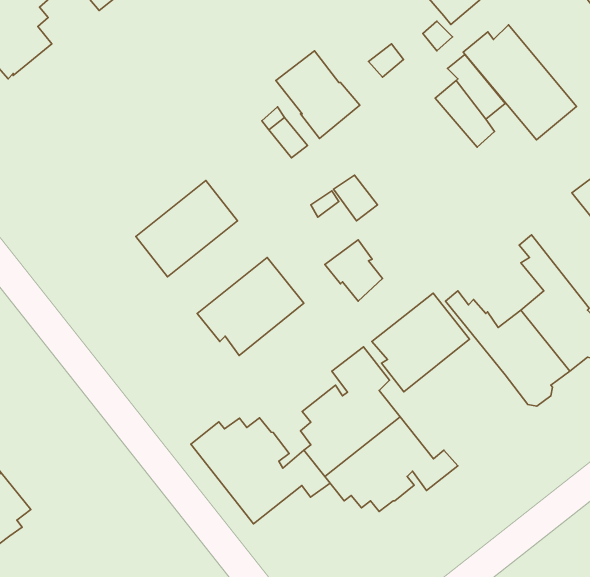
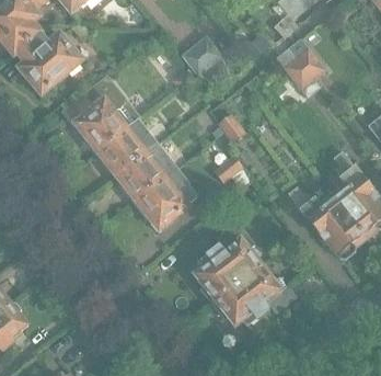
building: [463,25,576,140] -> none
building: none -> [18,32,82,93]
building: none -> [61,78,138,152]
building: none -> [114,143,176,201]
building: [372,293,470,392] -> none
building: [191,418,330,524] -> none

